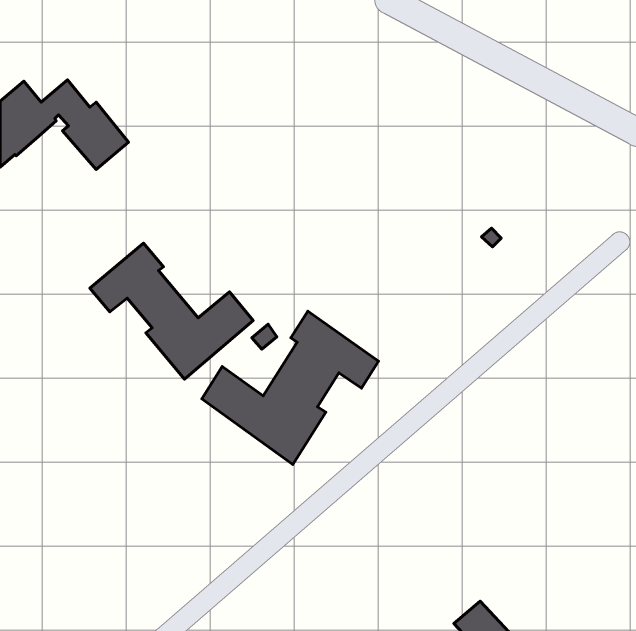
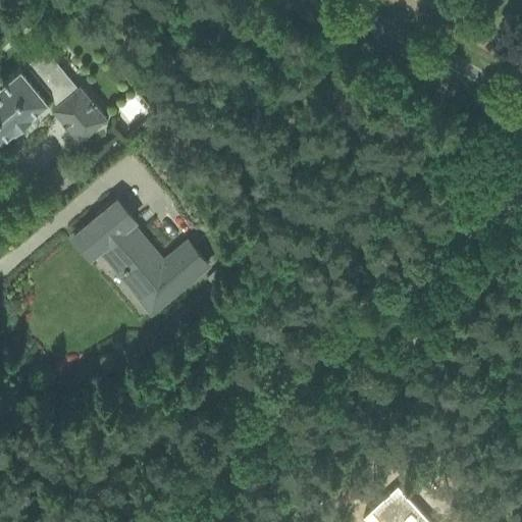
building: [202,311,379,465] -> none

